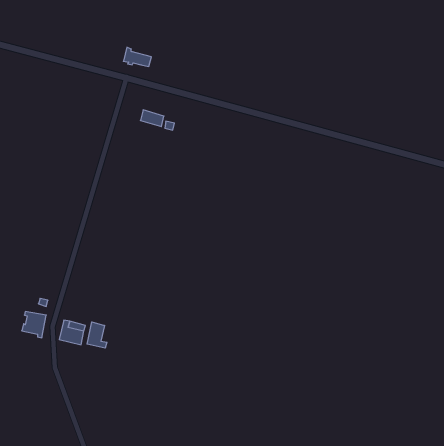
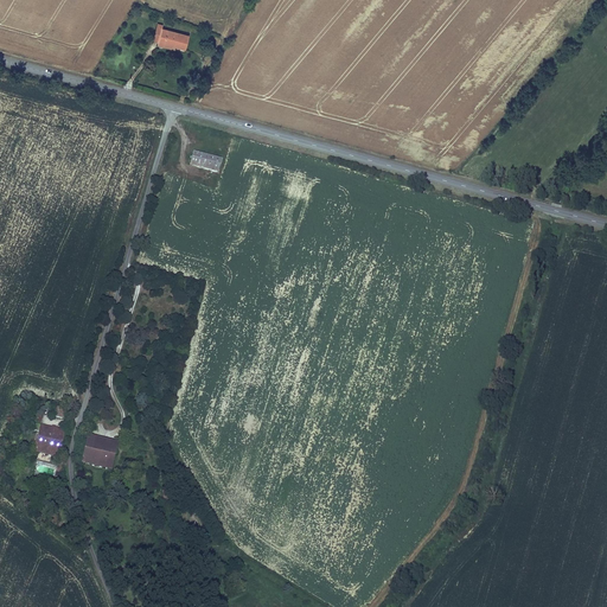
building: [123,47,151,66] -> [152,23,190,49]
building: [87,322,107,348] -> none

